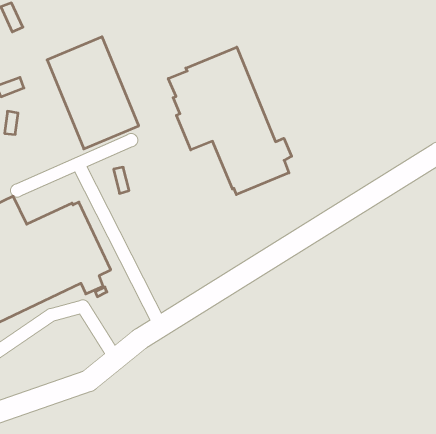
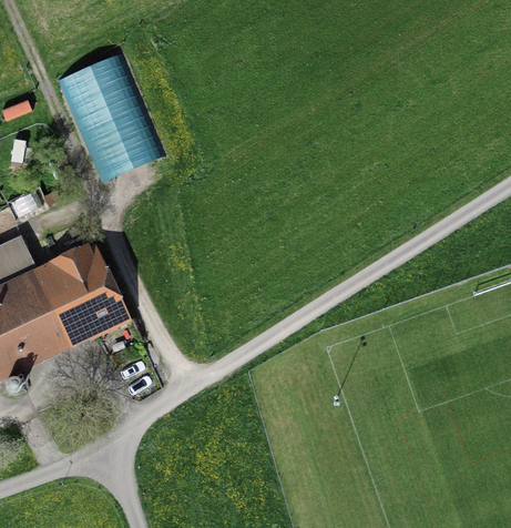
building: [168,47,292,195] -> none

